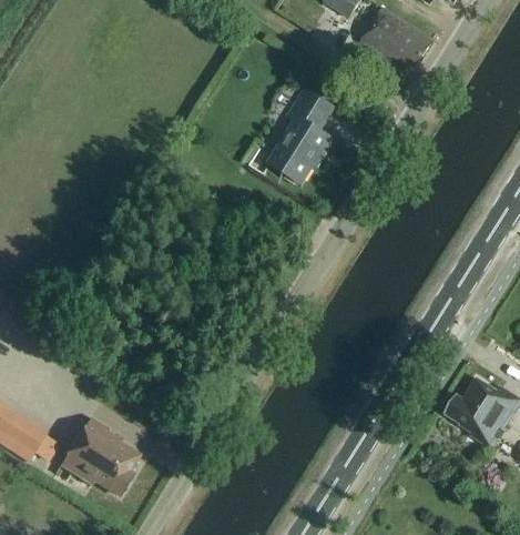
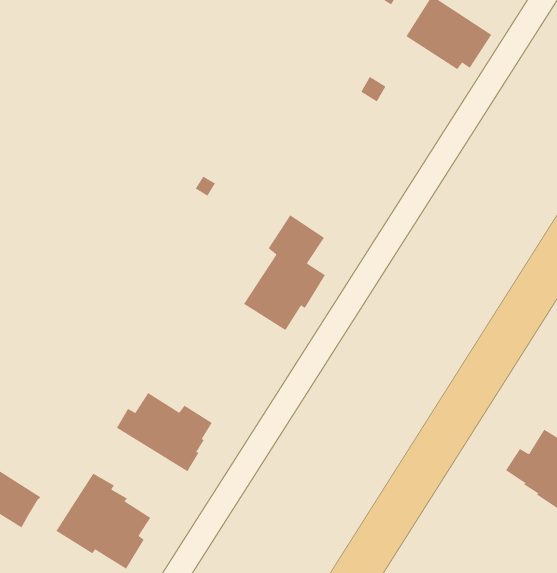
building: [265,85,336,185] -> [243,215,326,331]
building: none -> [116,392,212,472]

